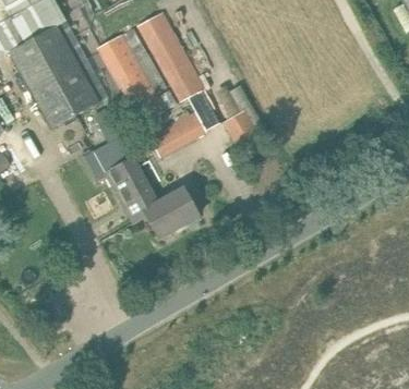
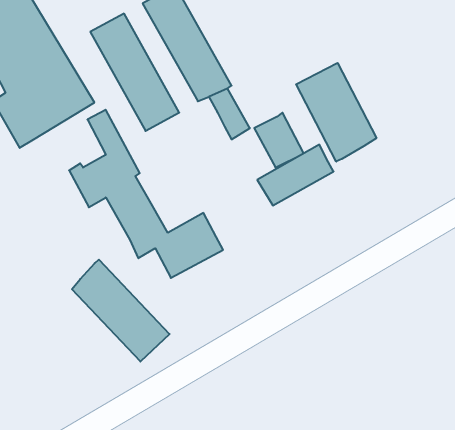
building: none -> [296,63,376,162]
building: [147,109,206,156] -> [257,145,334,205]
building: none -> [72,260,170,362]

